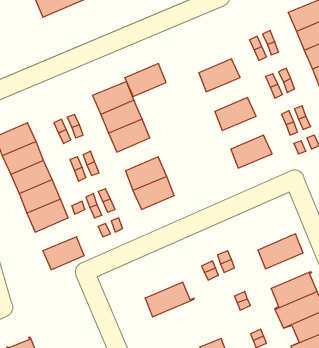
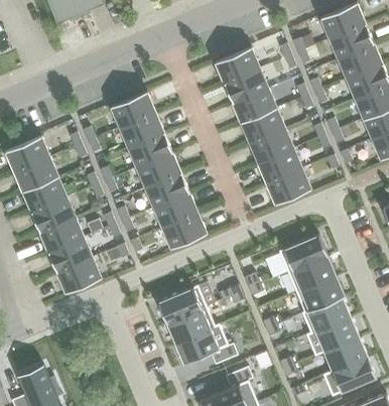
building: [125,64,166,97] -> [215,46,259,82]
building: none -> [232,87,276,123]
building: none -> [249,128,293,163]
building: none -> [136,151,180,186]
building: none -> [266,168,310,205]
building: none -> [162,213,207,248]
building: none -> [278,234,328,271]
building: none -> [48,237,93,272]
building: none -> [295,274,344,312]
building: none -> [157,284,207,322]
building: none -> [174,323,238,364]

